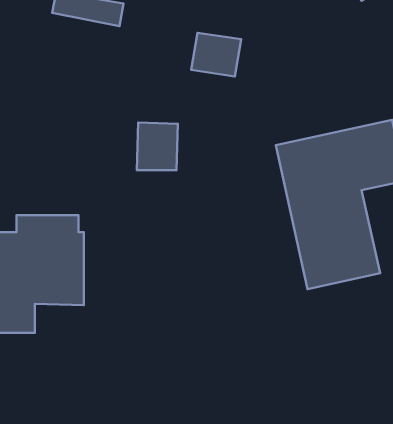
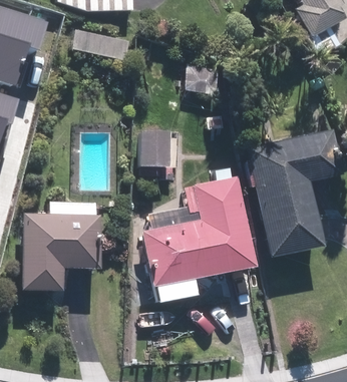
building: none -> [143,176,254,286]

